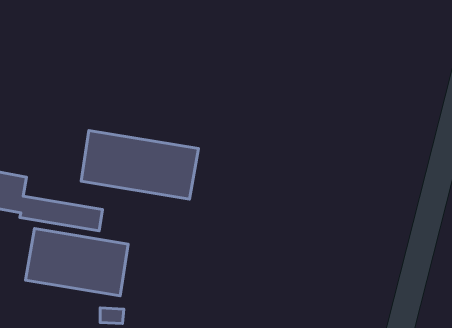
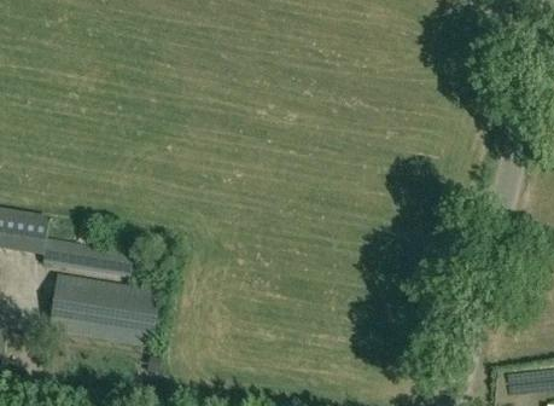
building: [81,130,199,199] -> none

